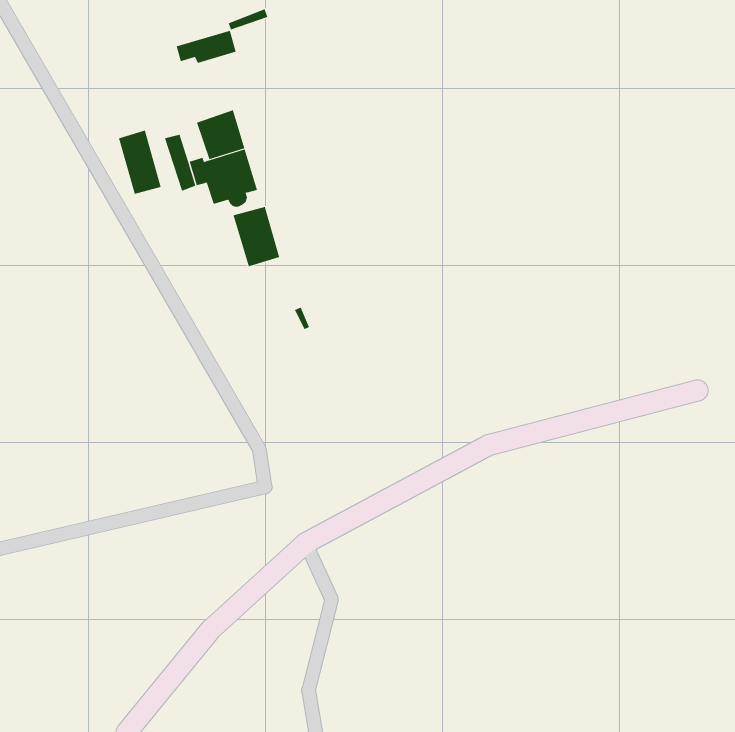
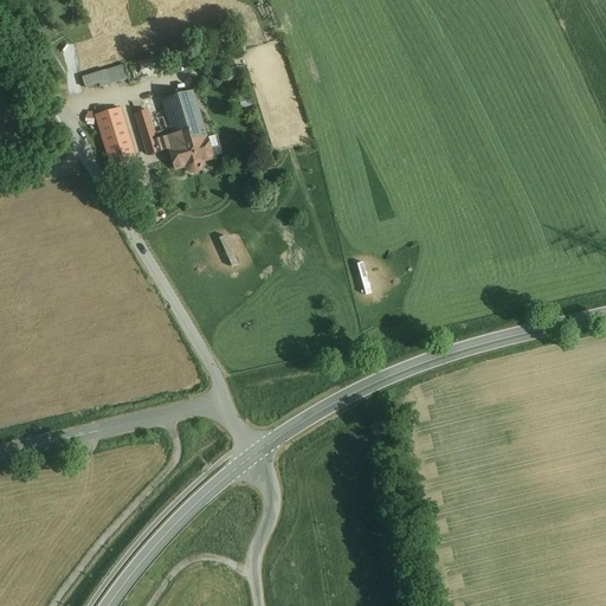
building: [176,30,236,63] -> [79,59,129,86]
building: [233,206,280,267] -> none

